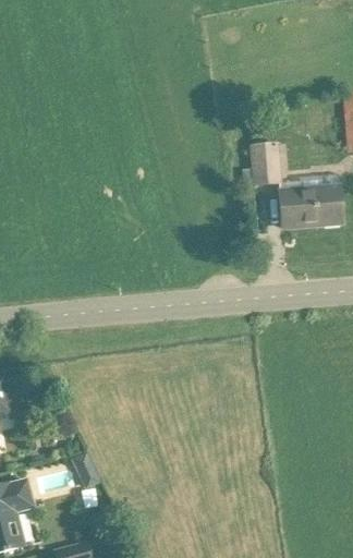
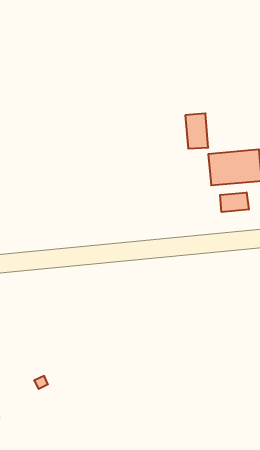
building: none -> [220,192,249,212]

